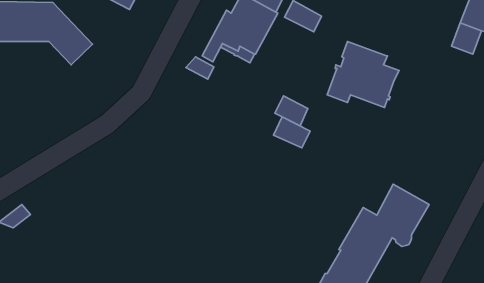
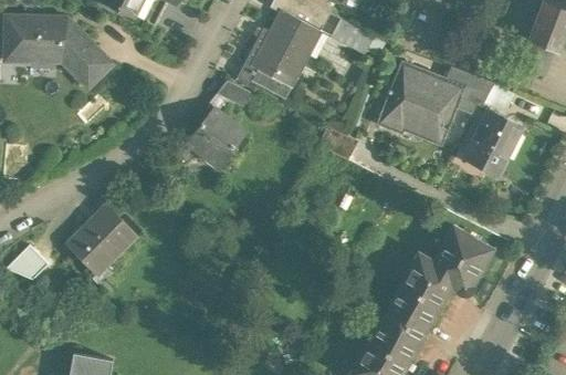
building: none -> [442,66,494,114]
building: none -> [187,110,243,168]
building: none -> [464,111,522,175]
building: [274,117,310,148] -> none
building: none -> [66,205,136,273]

